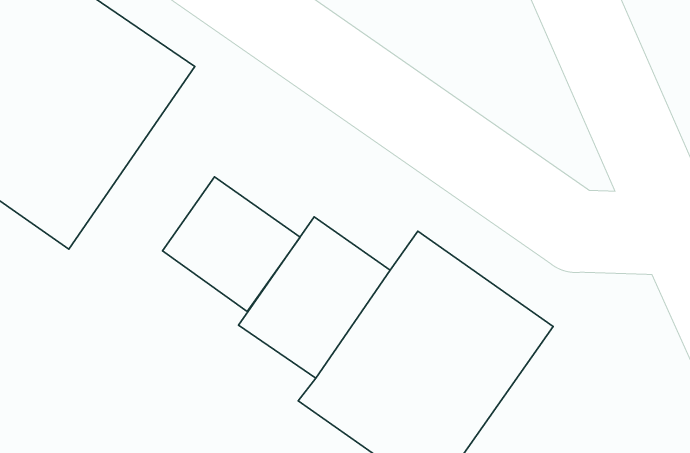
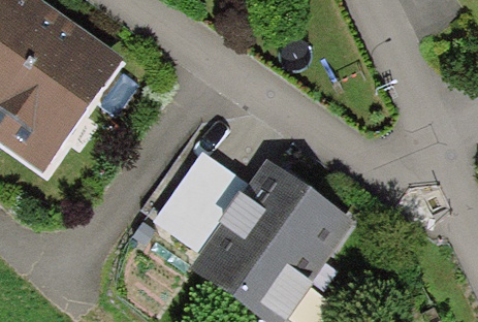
building: [163,177,300,311] -> none

